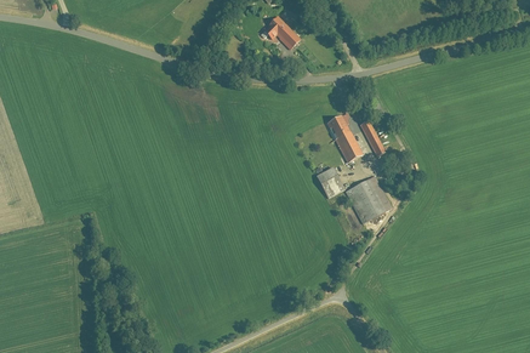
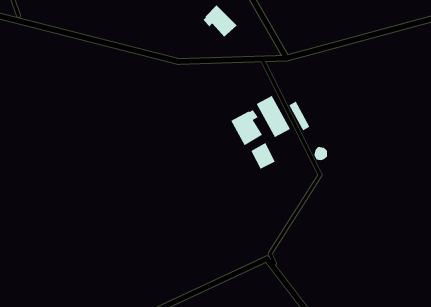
building: none -> [231,109,263,146]
building: [346,176,392,222] -> none

